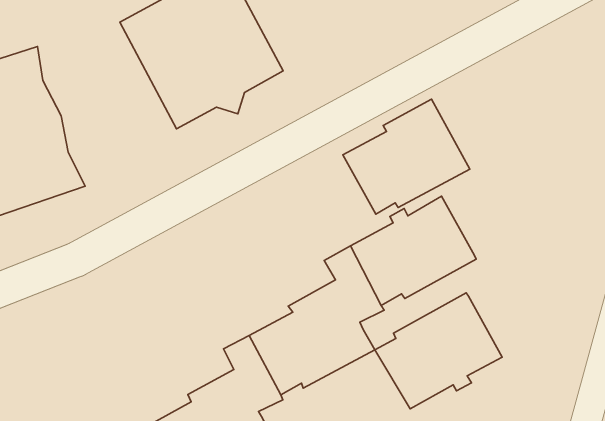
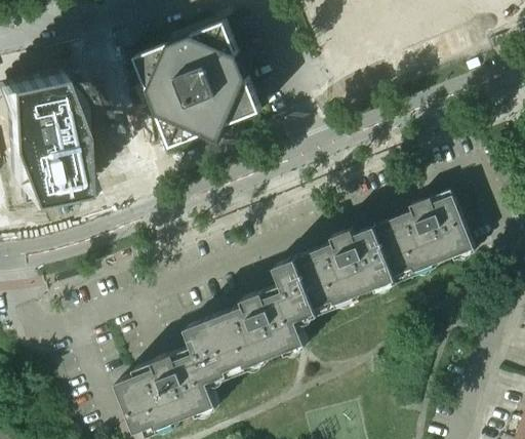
building: [343,99,470,214] -> [372,192,472,278]
building: [375,293,502,409] -> none

